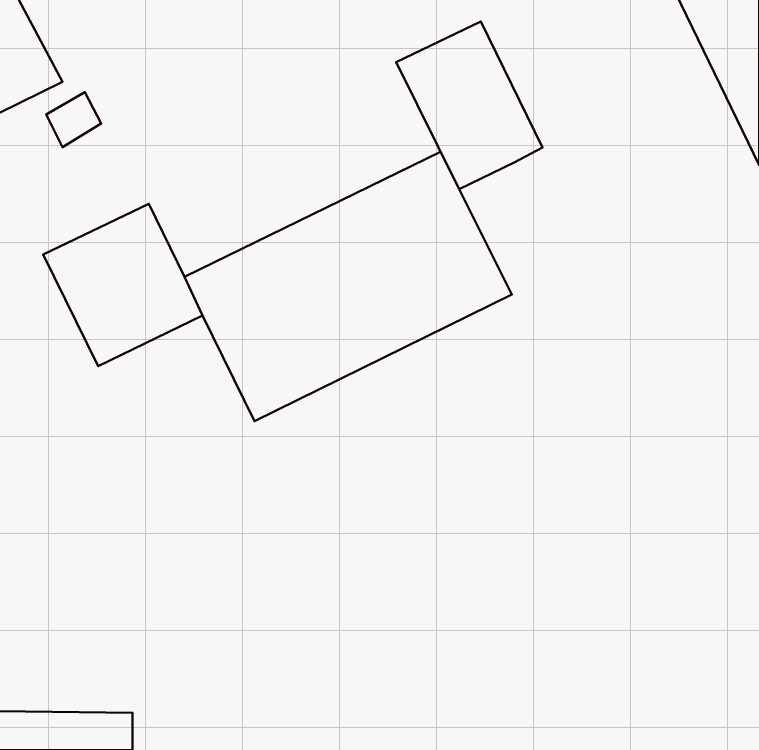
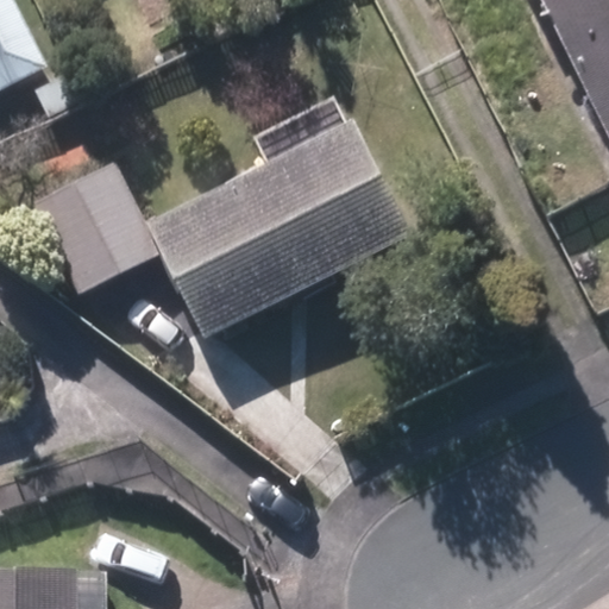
building: [396,22,543,189] -> none

